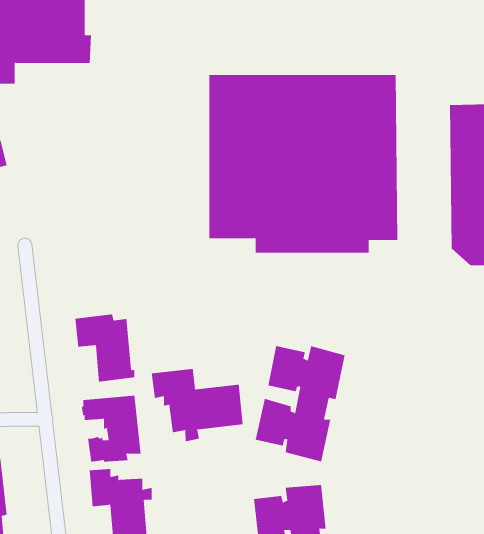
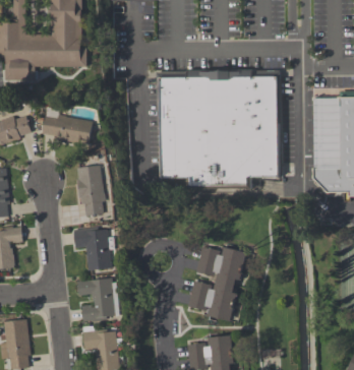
building: none -> [43,107,94,145]
building: none -> [76,165,106,217]
building: [151,368,243,442] -> none

